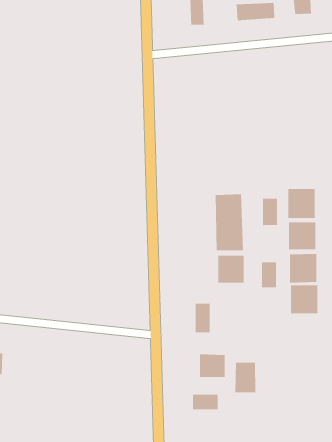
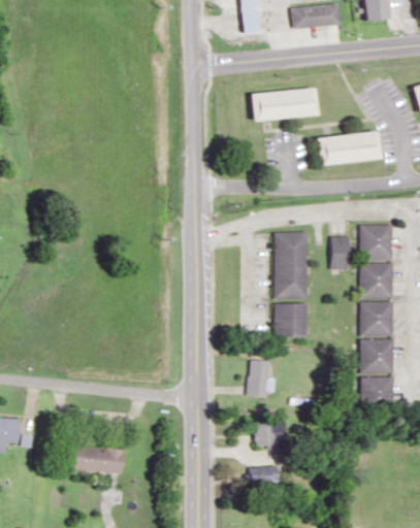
building: none -> [251,88,316,120]
building: none -> [314,132,376,164]
building: [261,261,277,288] -> none
building: none -> [362,377,396,410]
building: [235,362,256,393] -> none
building: none -> [66,444,128,473]

